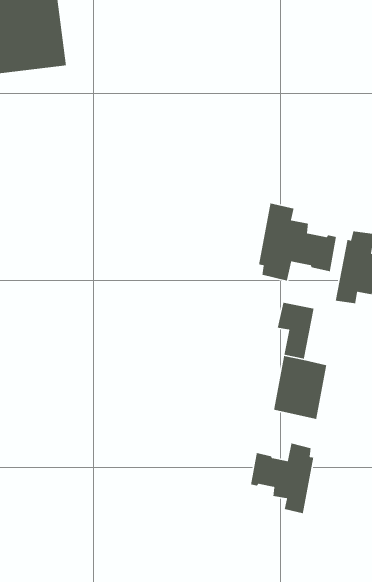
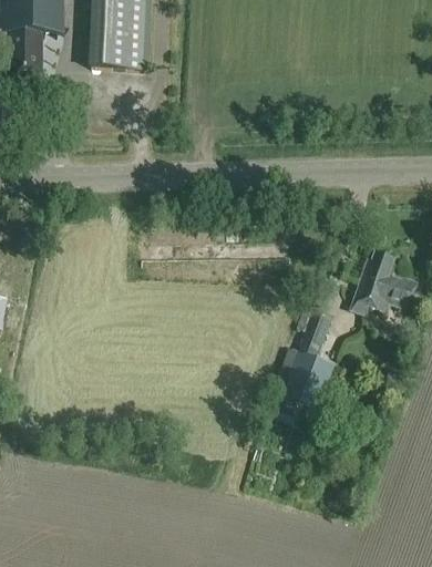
building: [258,203,337,282] -> none
building: [250,443,314,514] -> none

